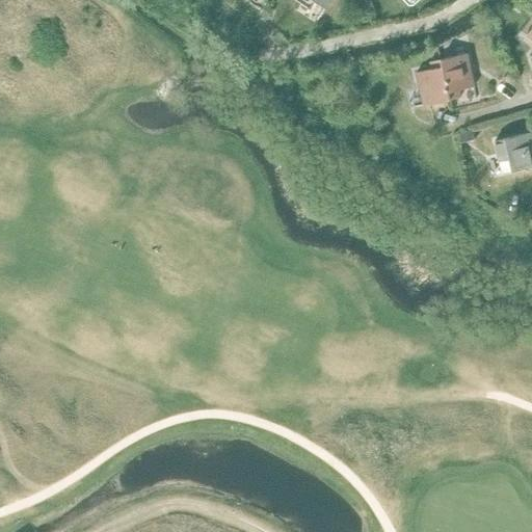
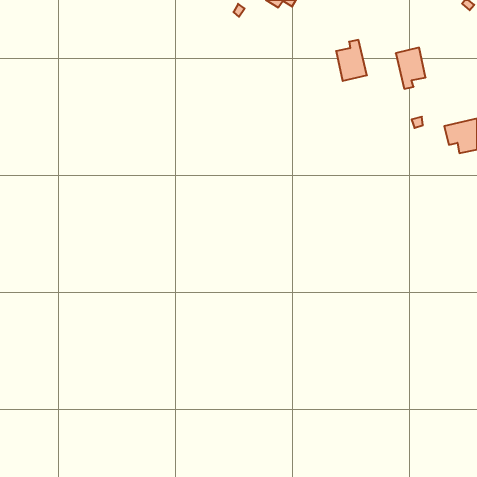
building: [416,59,450,105] -> [336,40,367,81]

